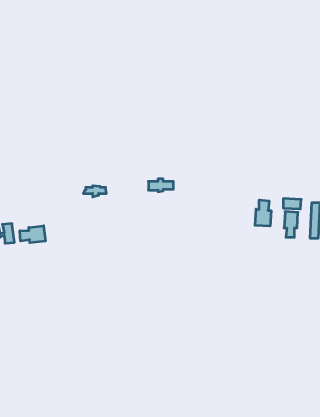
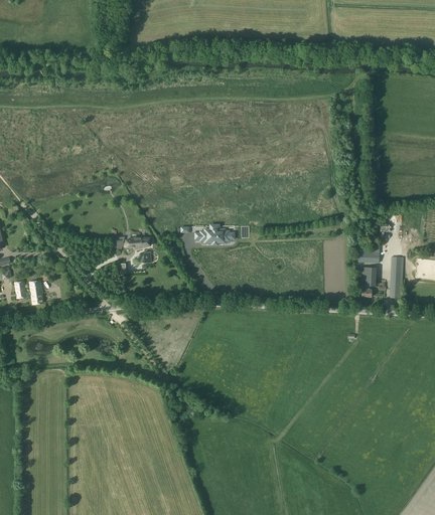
building: [255,200,271,226] -> none
building: [20,226,45,243] -> none

